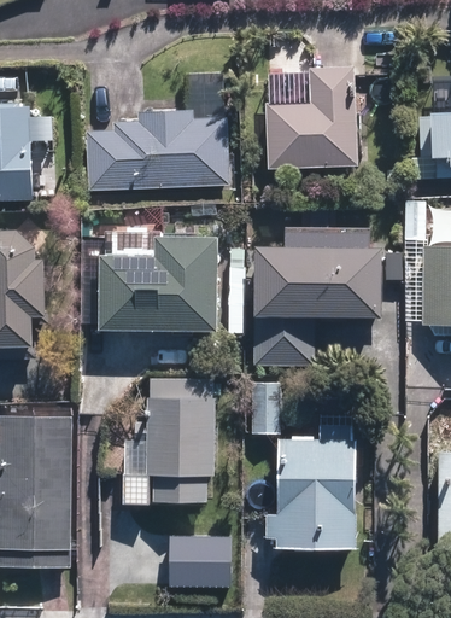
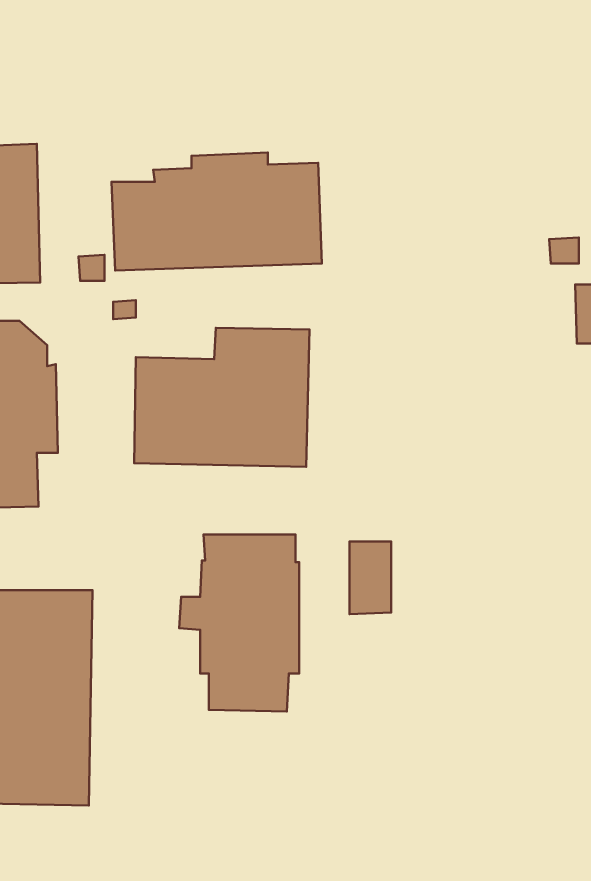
building: [266,68,361,169] -> none
building: [250,243,381,363] -> none
building: [264,437,356,546] -> none
building: [168,540,213,587] -> none

